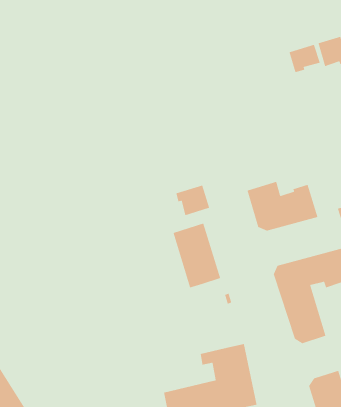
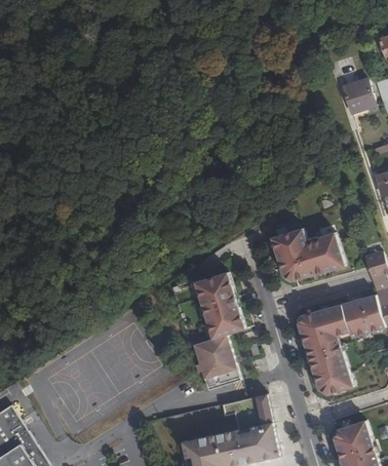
building: [288,44,321,73] -> none
building: [175,185,210,216] -> none
building: none -> [194,334,241,389]

